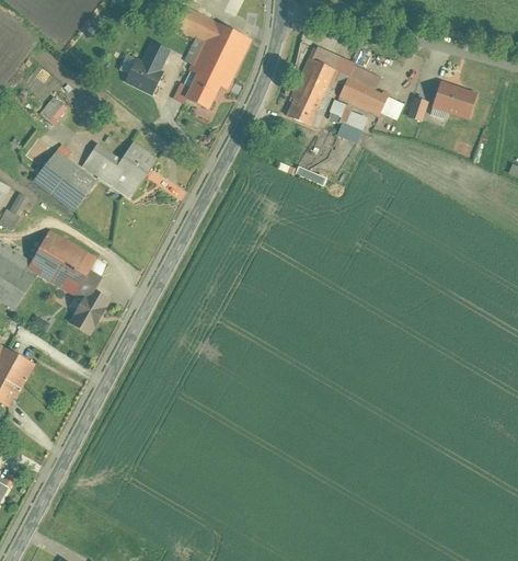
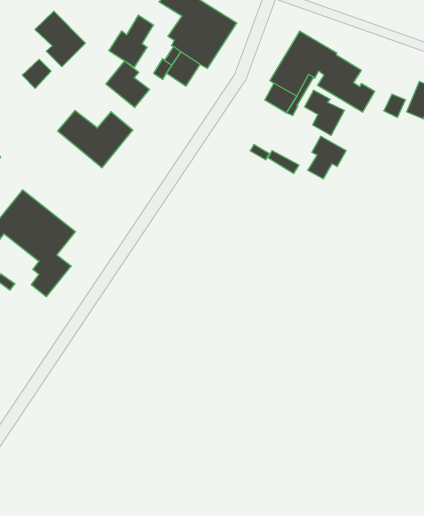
building: none -> [35,11,85,67]
building: none -> [106,61,149,108]
building: [32,145,96,211] -> none
building: none -> [308,136,346,179]

